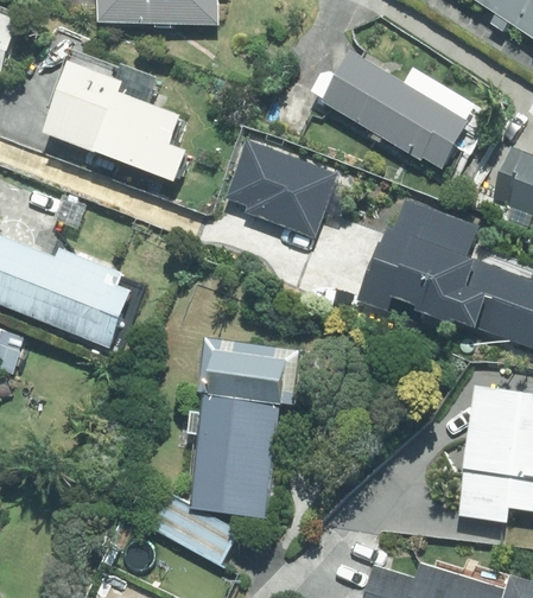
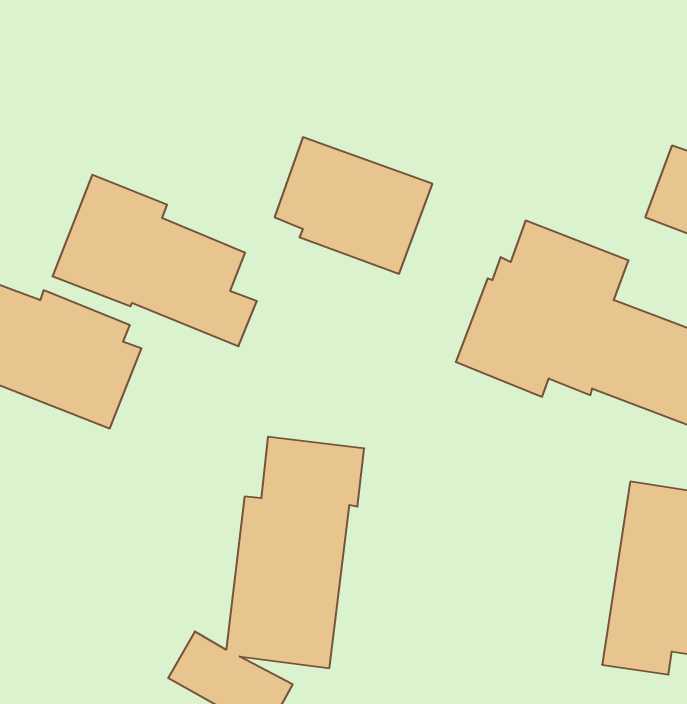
building: [319,50,468,167] -> none
building: [44,59,190,182] -> [52,175,257,346]

